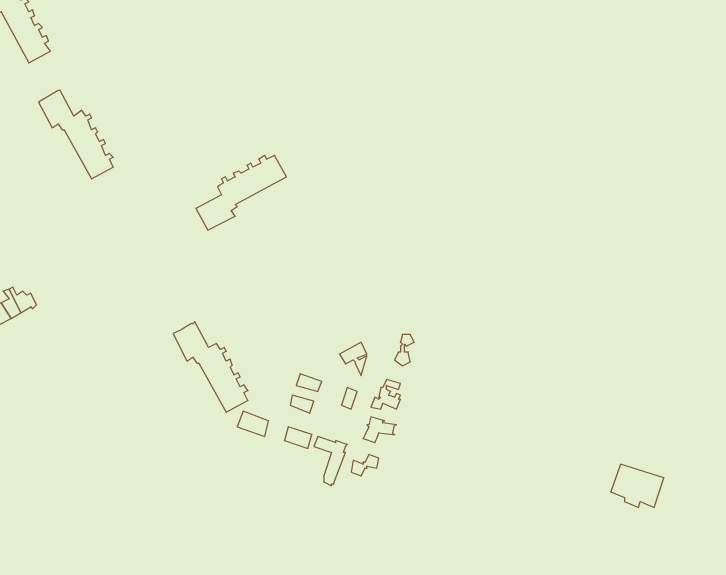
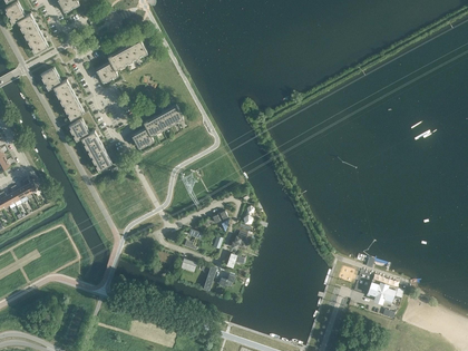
building: none -> [96,40,147,82]
building: [173,322,248,412] -> [70,119,113,170]

